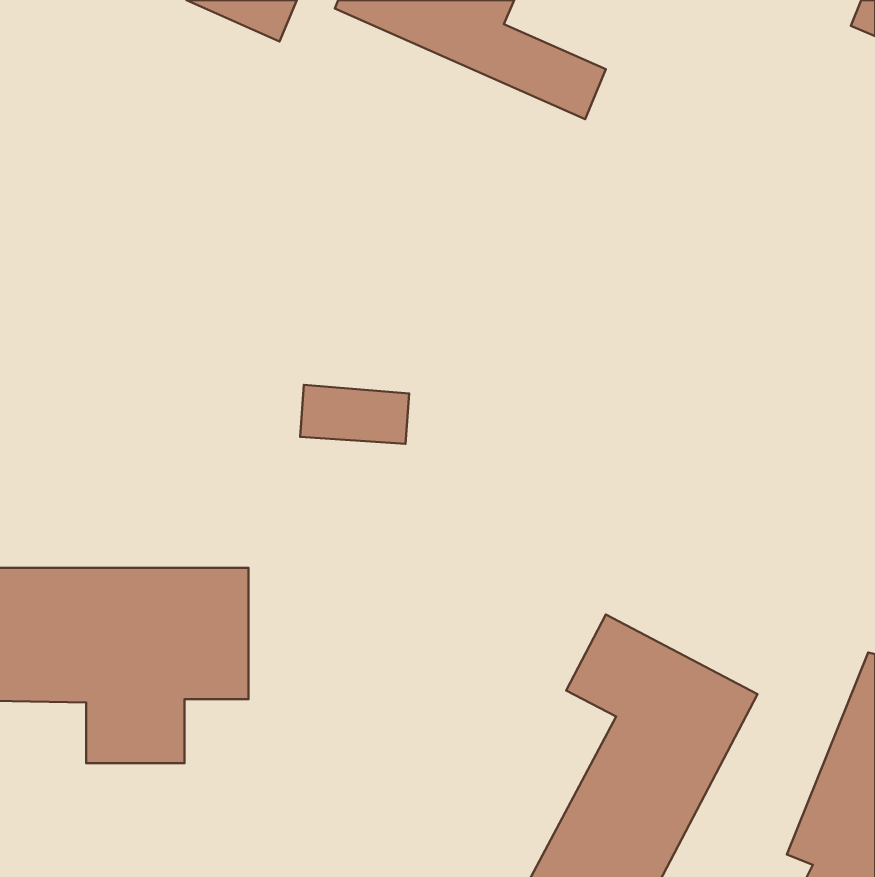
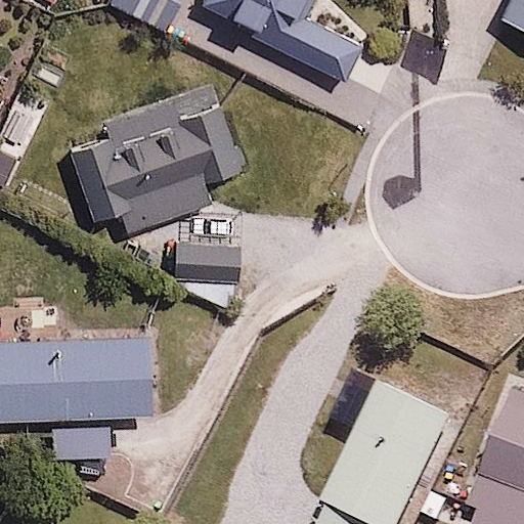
building: none -> [72,102,241,237]

